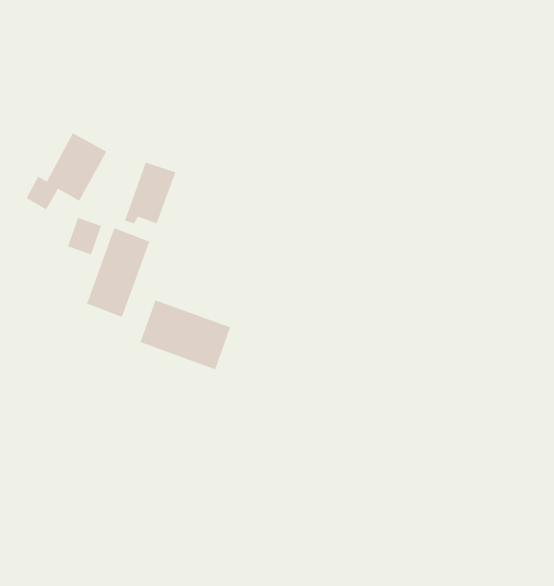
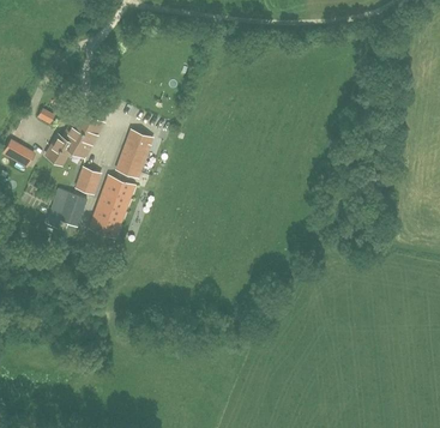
building: none -> [48,189,88,227]
building: [140,299,231,370] -> none

